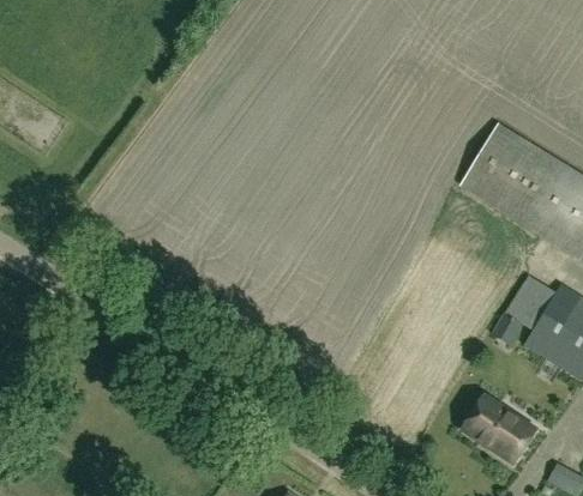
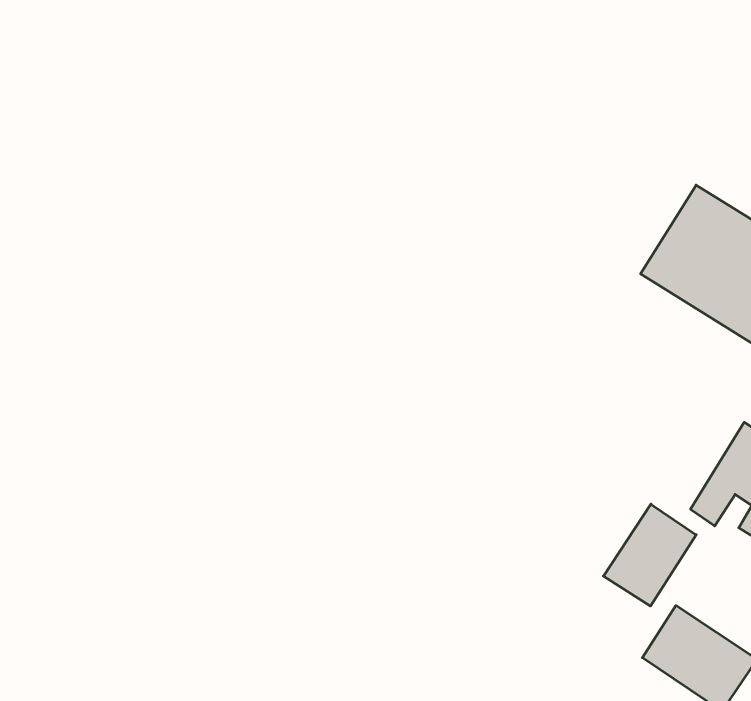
building: none -> [603,504,696,606]

